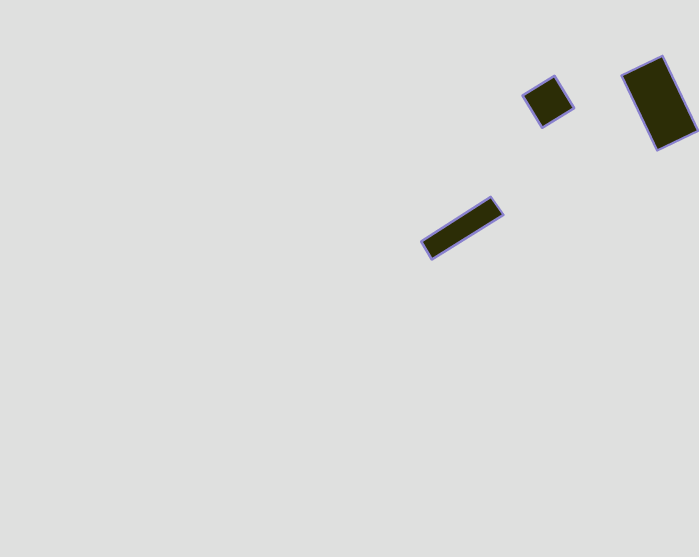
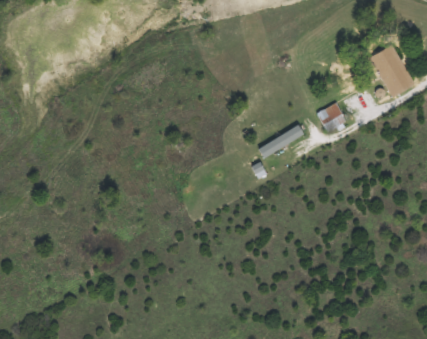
building: [522,76,574,128] -> [318,104,347,133]

